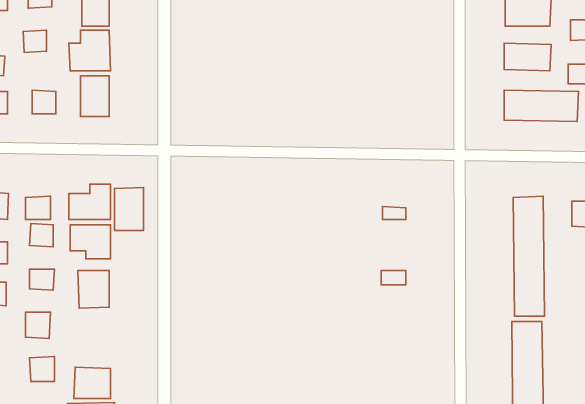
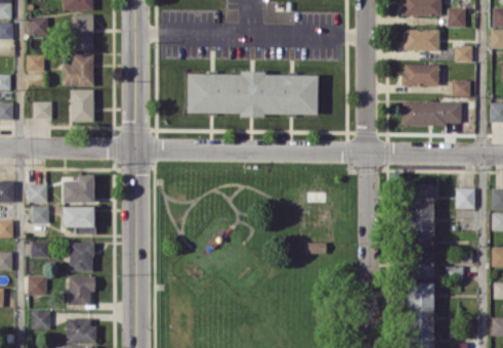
building: none -> [186,74,318,116]
building: [115,187,144,230] -> none
building: none -> [68,276,95,306]

